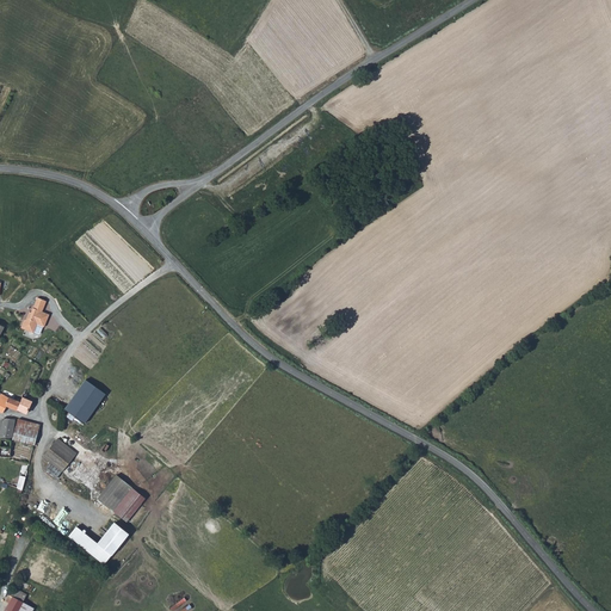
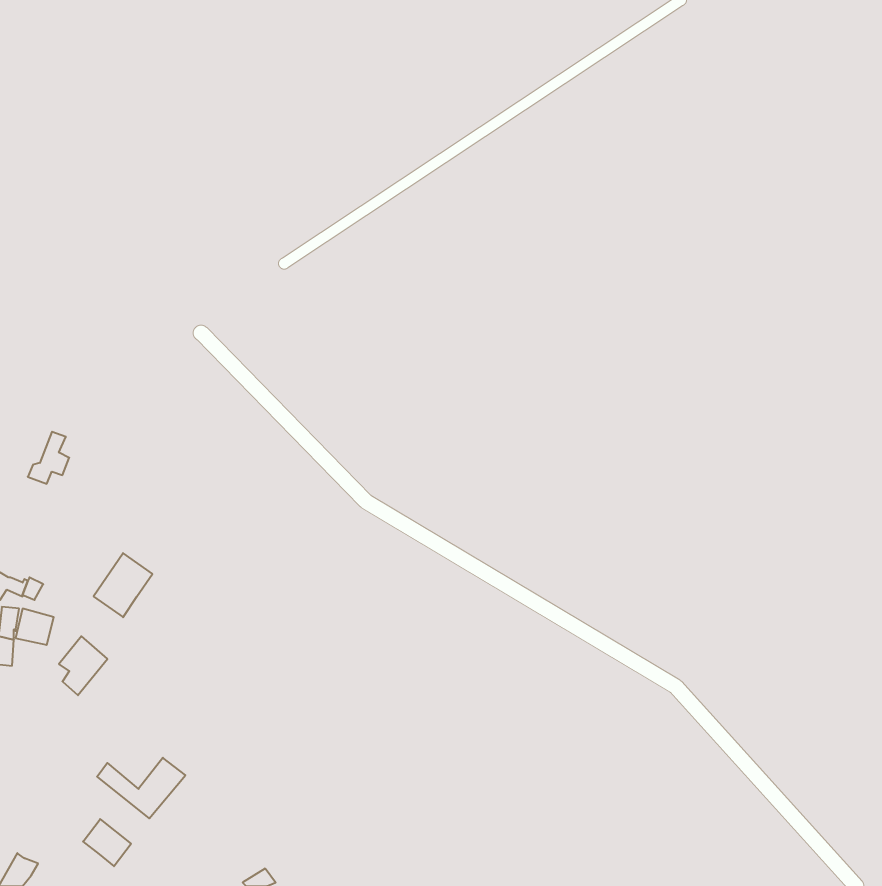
building: [98,475,144,523] -> none
building: none -> [83,819,131,866]

